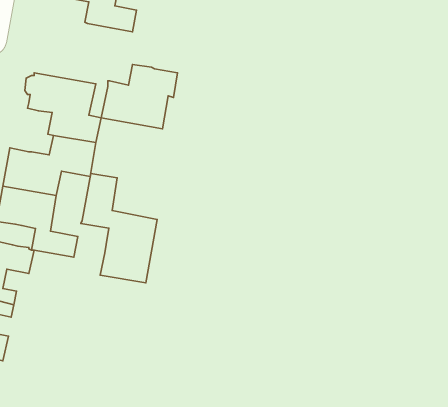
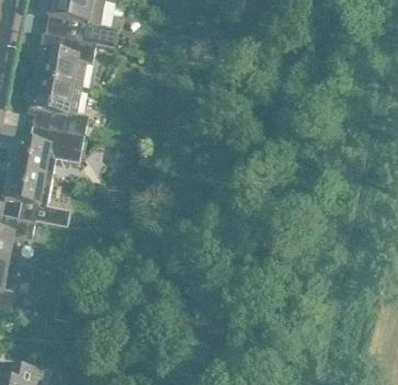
building: [101,65,178,129] -> [33,35,94,87]
building: [81,173,157,283] -> none

